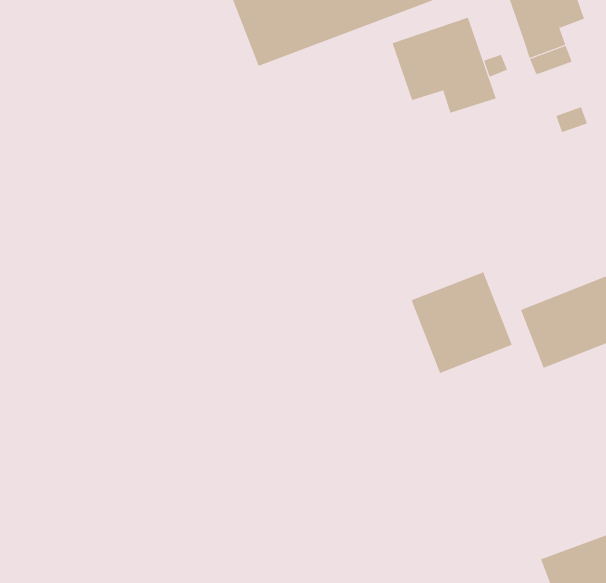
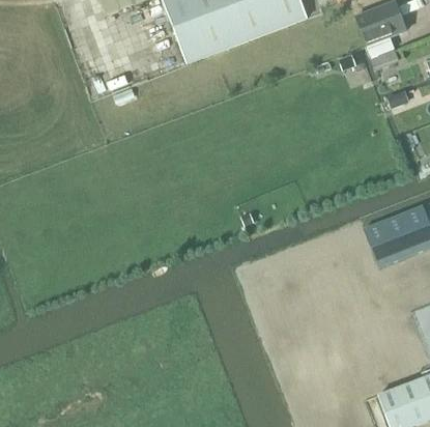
building: [392,17,497,113] -> none
building: [411,271,512,374] -> none

